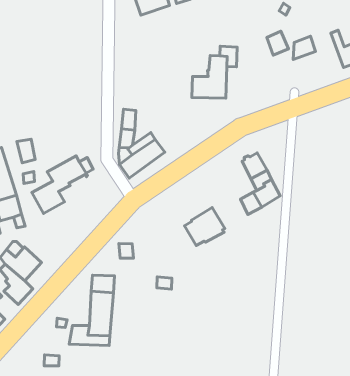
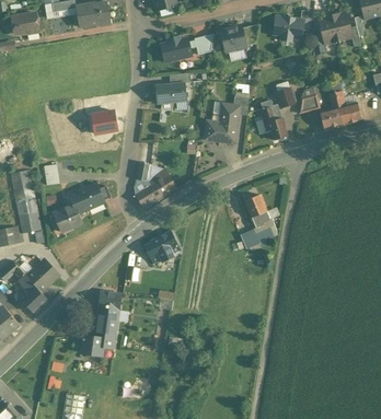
building: none -> [154,72,189,110]
building: none -> [319,92,343,128]
building: none -> [258,100,286,139]
building: none -> [90,110,117,133]
building: [185,208,225,245] -> [143,230,180,263]

